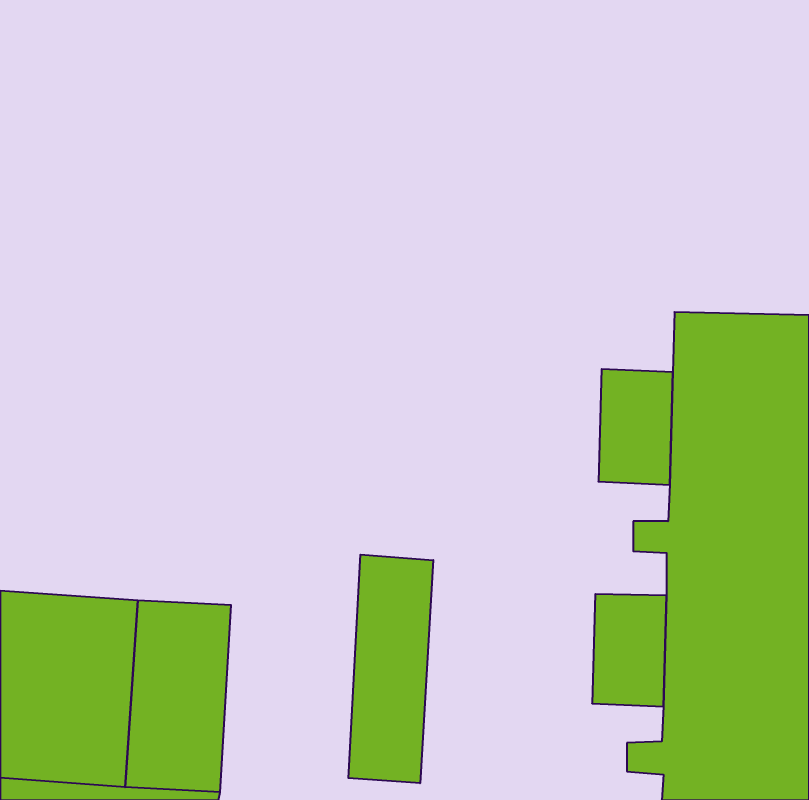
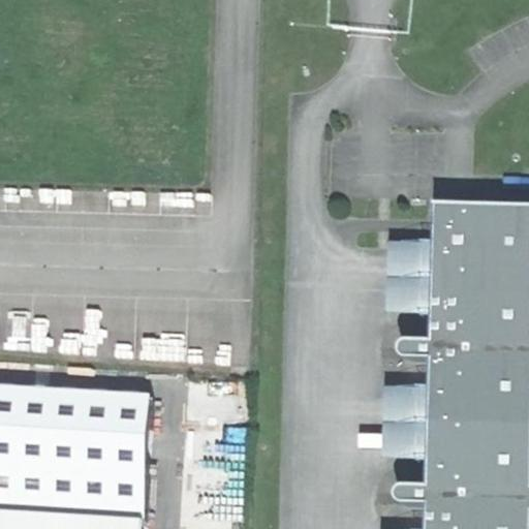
building: [348,555,433,783] -> none

